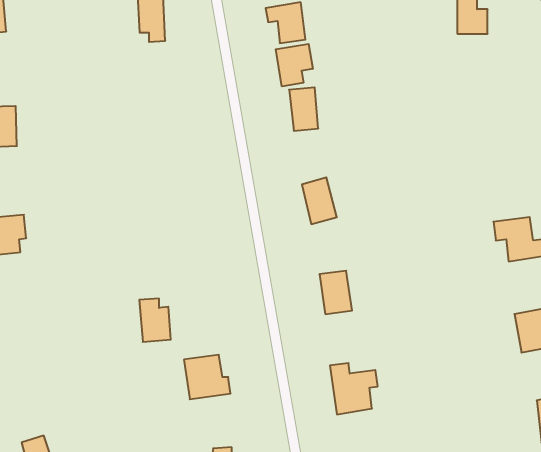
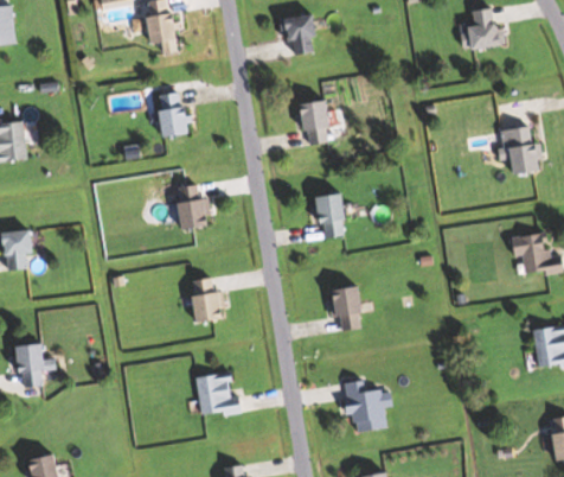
building: [276,44,313,86] -> none
building: none -> [155,90,190,138]
building: none -> [496,127,541,174]
building: none -> [178,184,207,229]
building: [139,299,171,342] -> [192,279,224,323]
building: none -> [17,343,55,388]

